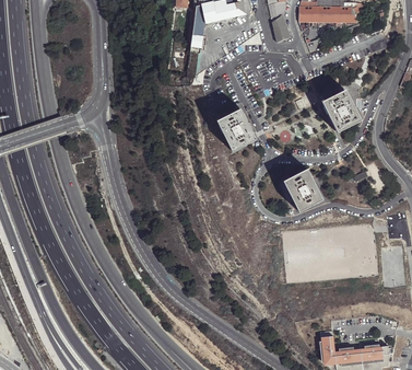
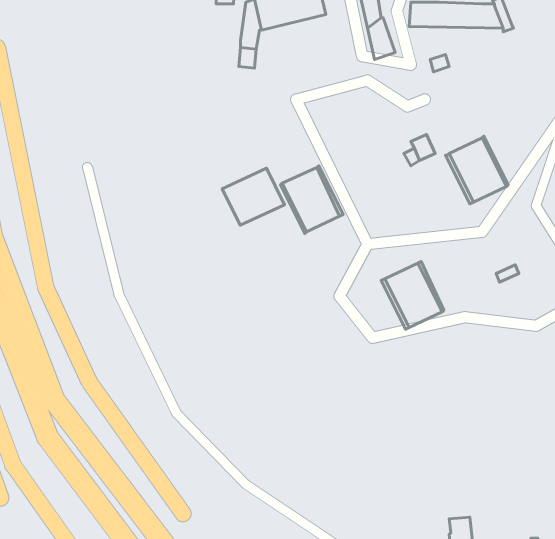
building: none -> [222,168,284,225]

